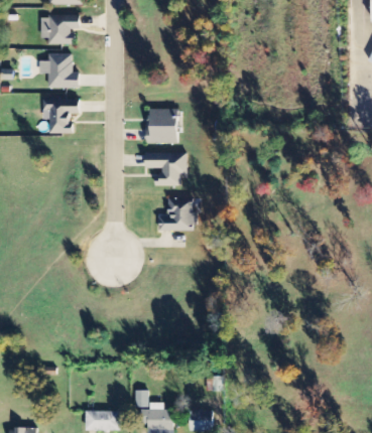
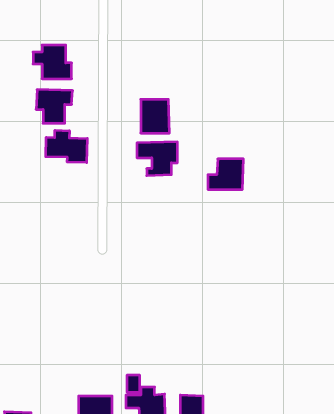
building: [40,15,80,44] -> none
building: none -> [46,130,87,163]
building: [158,199,195,231] -> [208,159,243,189]

